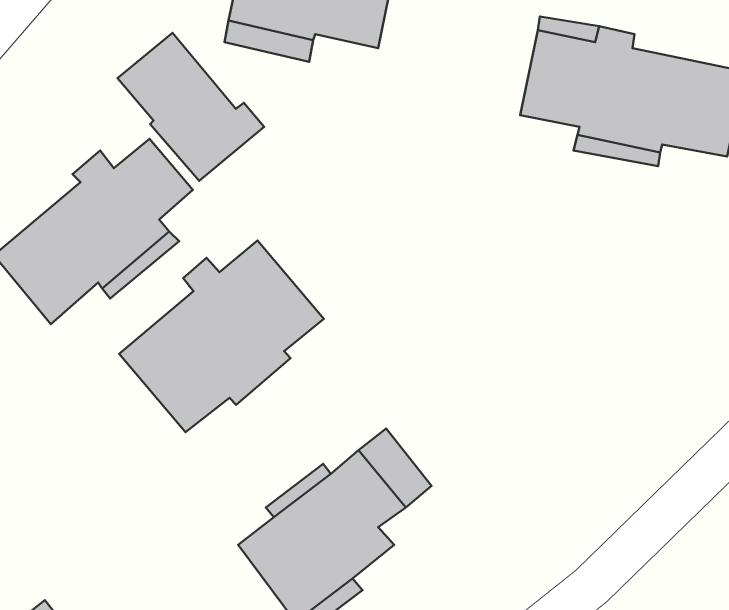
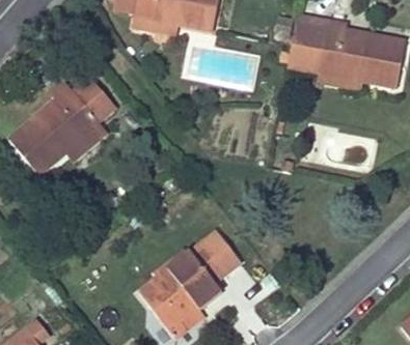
building: [118,33,264,181] -> none
building: [119,240,324,432] -> none

